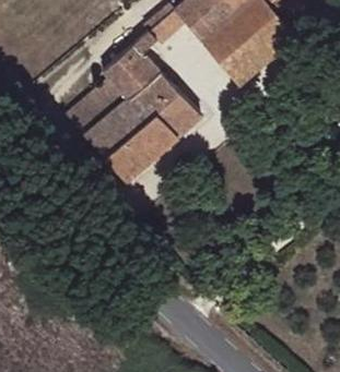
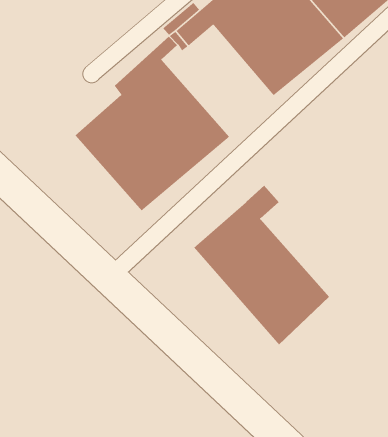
building: none -> [193,185,330,345]

